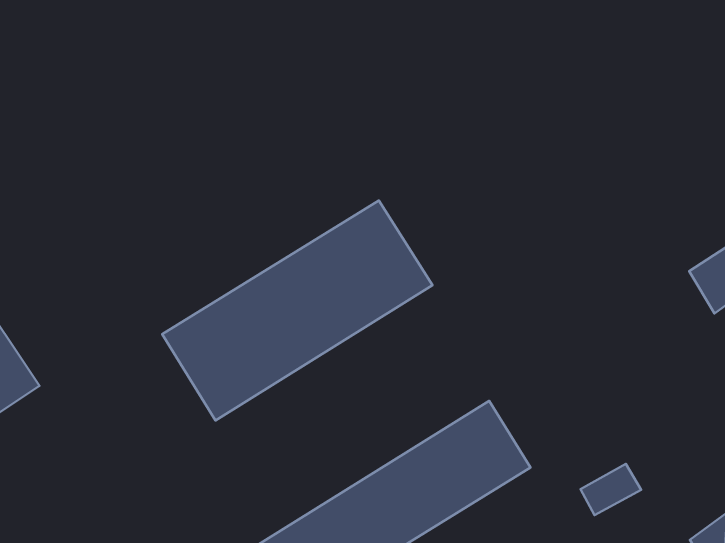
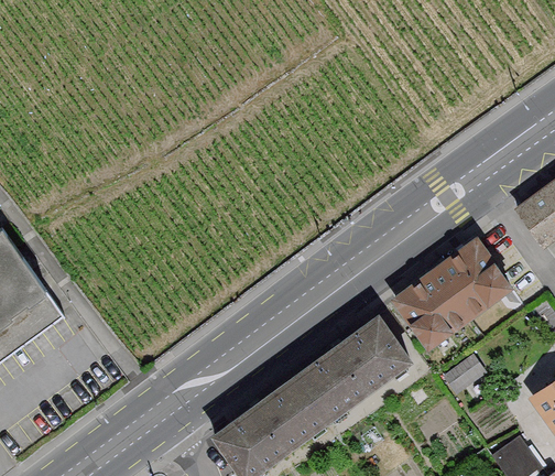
building: [162,201,432,420] -> none
building: none -> [395,244,513,350]

